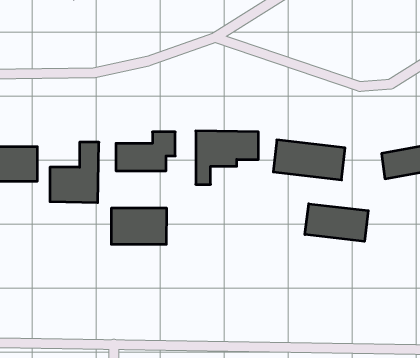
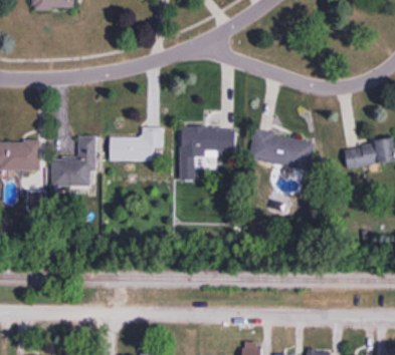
building: [305,204,368,241] -> none
building: [111,208,166,244] -> none

